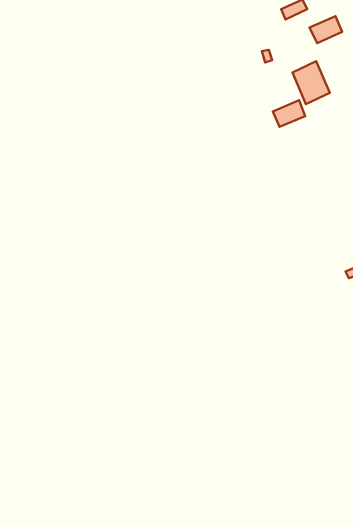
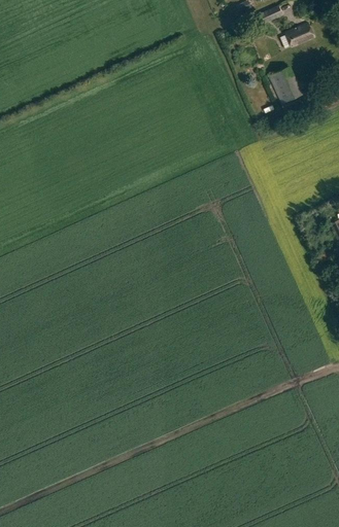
building: [273,100,305,127] -> none

